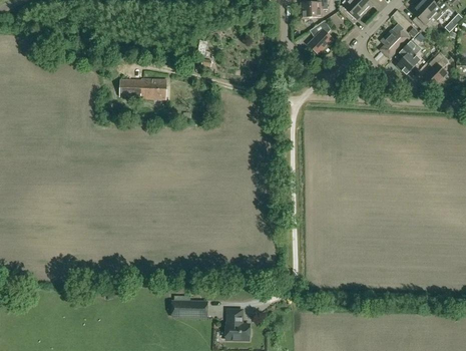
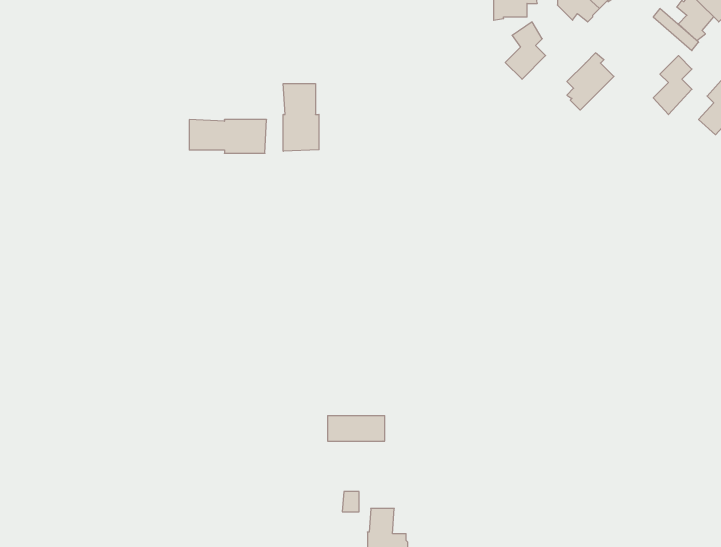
building: [381,23,409,57] -> [567,53,614,110]
building: none -> [283,84,319,151]
building: [172,301,206,316] -> [328,416,385,441]

